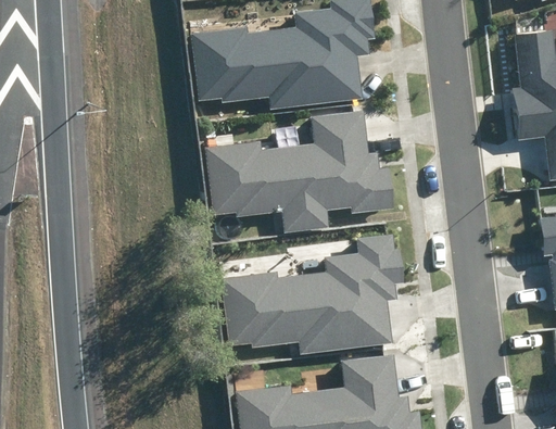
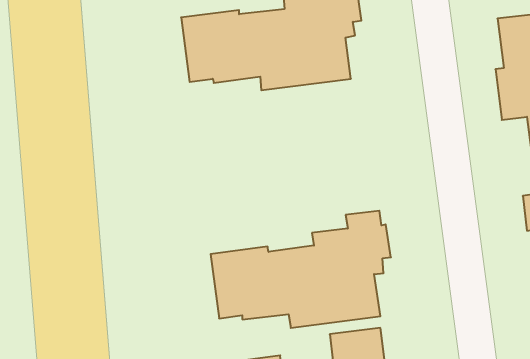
building: [202,112,392,234] -> none

